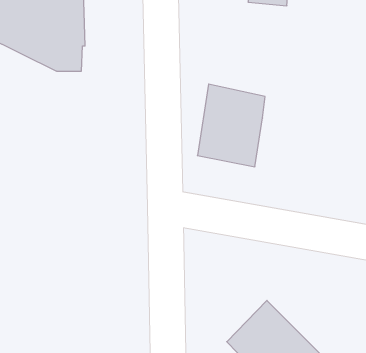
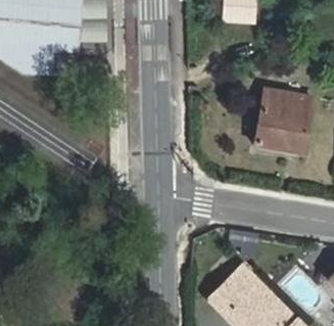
building: [197,84,265,167] -> [254,89,309,156]

